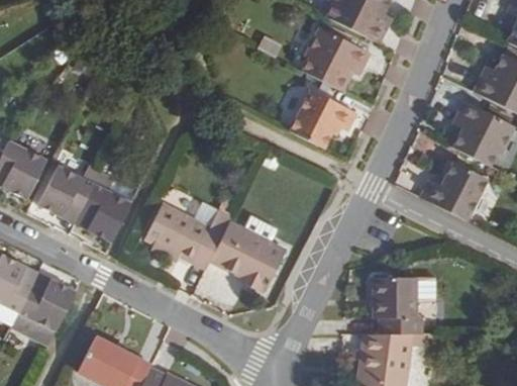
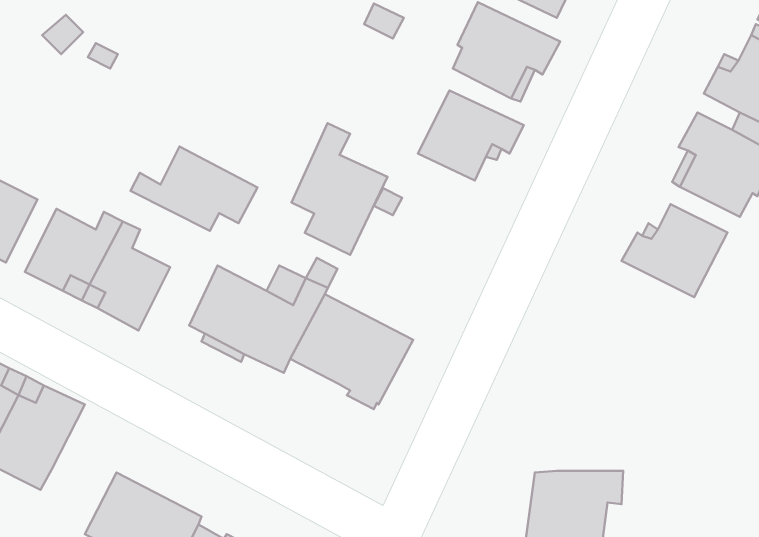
building: none -> [291,123,387,255]
building: none -> [131,147,257,231]
building: [372,276,435,332] -> none

